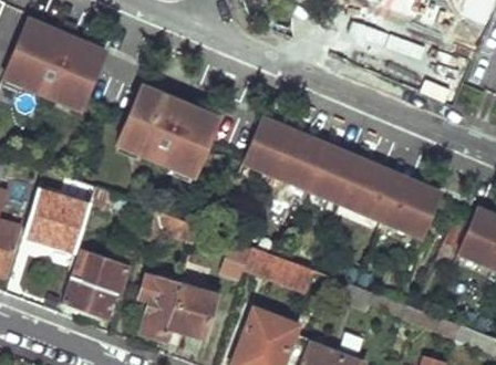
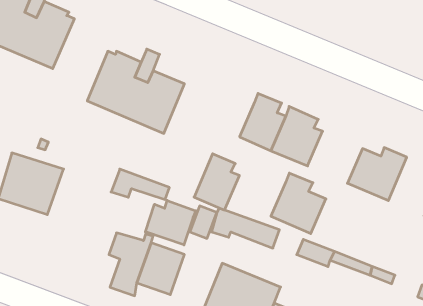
building: [241,118,288,176] -> [194,154,239,210]
building: [342,161,399,223] -> [271,173,326,234]
building: none -> [145,200,196,245]
building: [65,257,130,314] -> none

